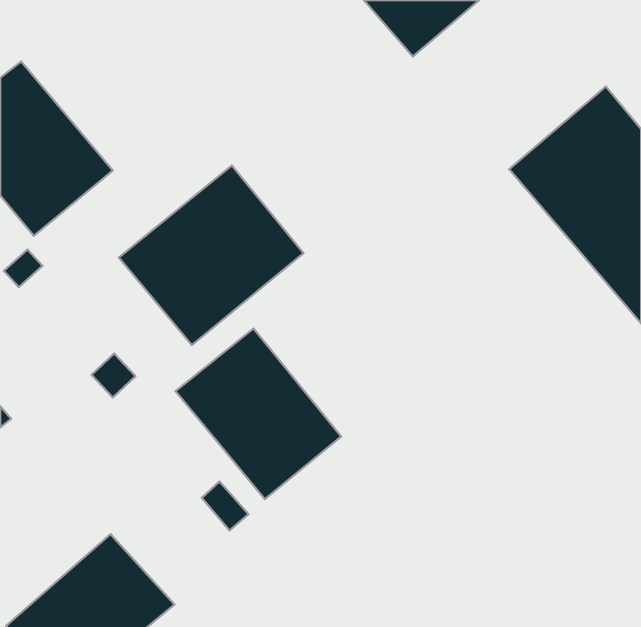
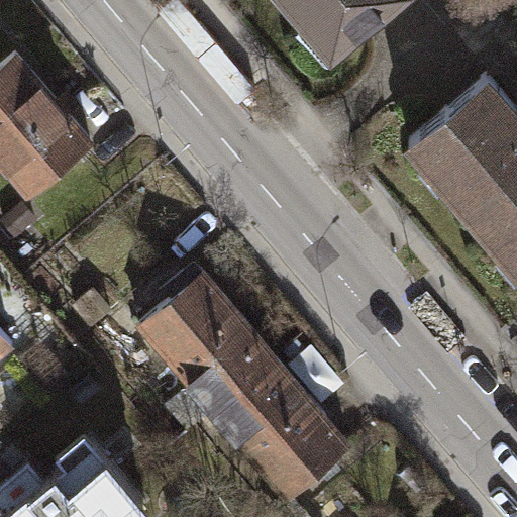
building: [119,166,304,345] -> none
building: none -> [213,363,346,500]

